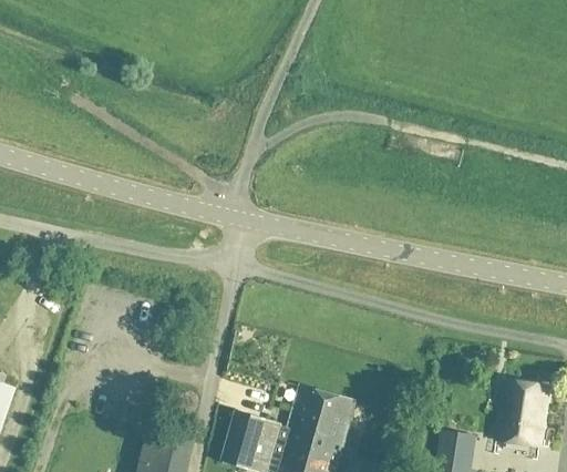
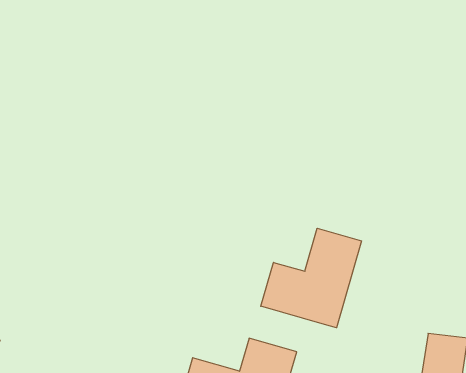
building: none -> [261,228,362,328]

